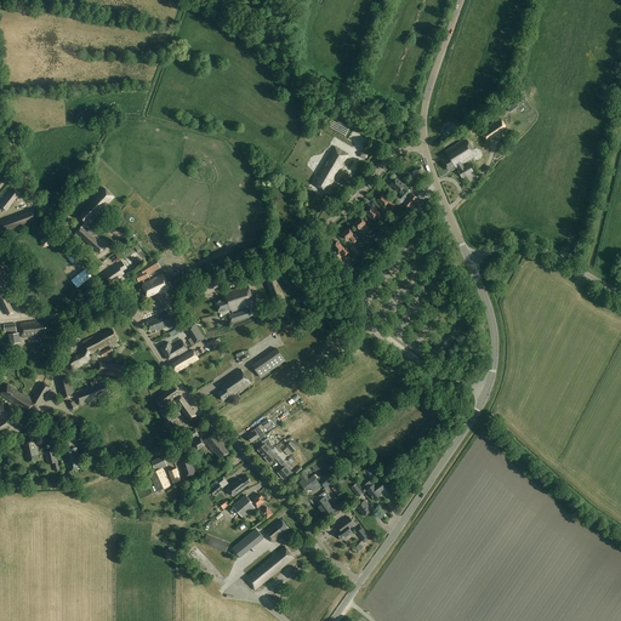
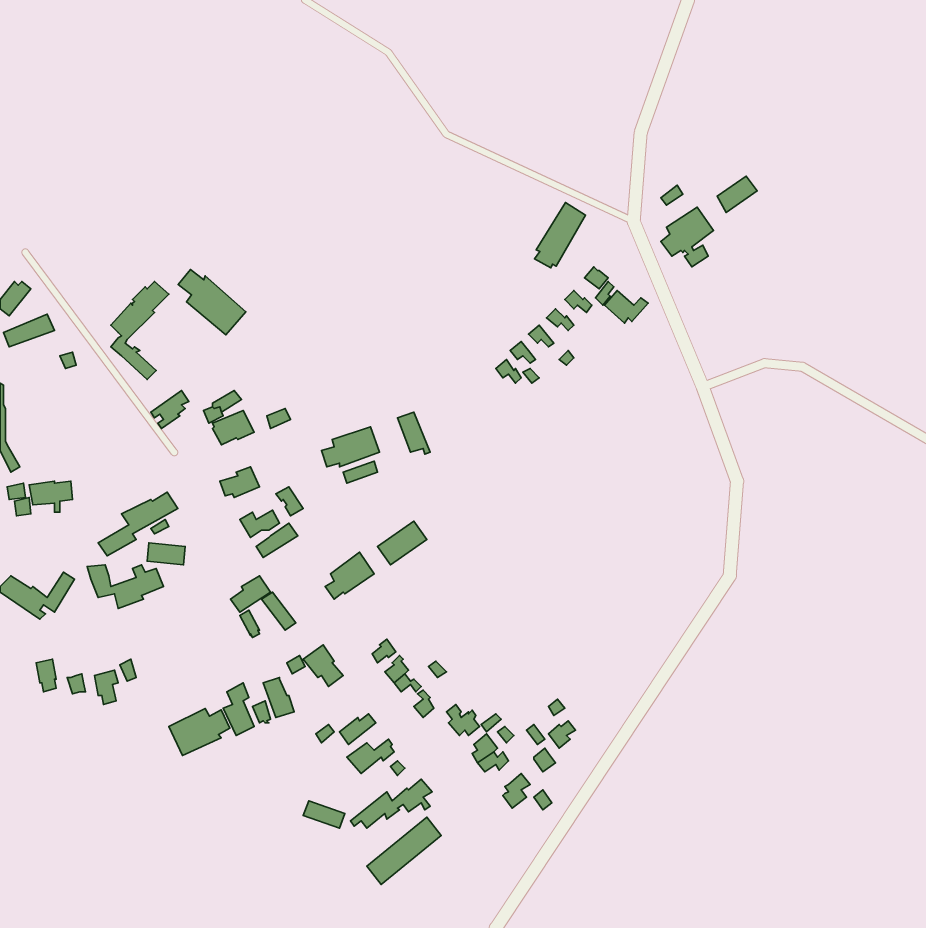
building: [314,147,348,190] -> [535,202,585,268]
building: none -> [178,270,246,335]
building: none -> [169,709,230,756]

